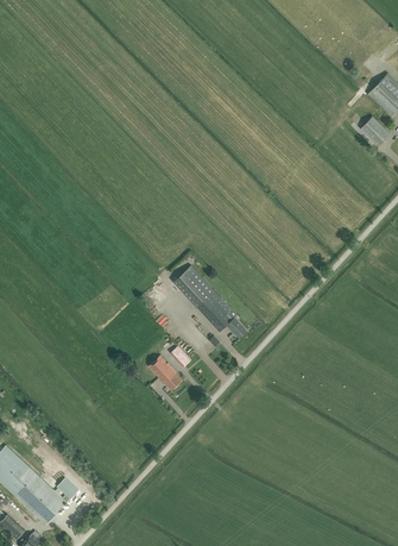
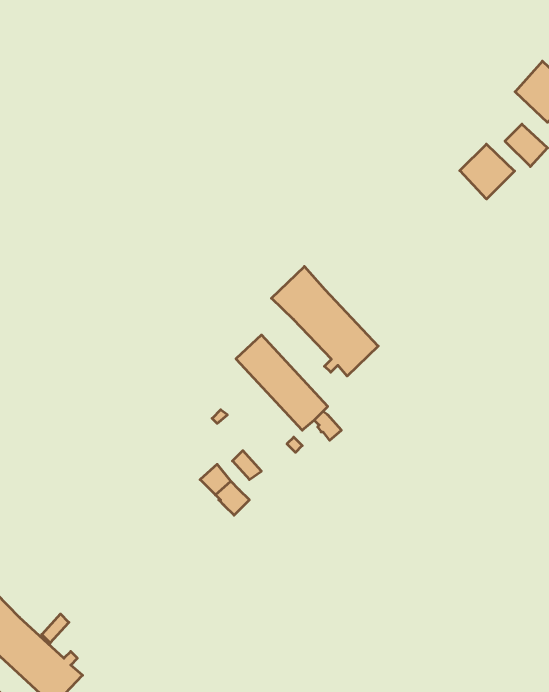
building: none -> [460,144,515,199]
building: none -> [271,266,378,376]

